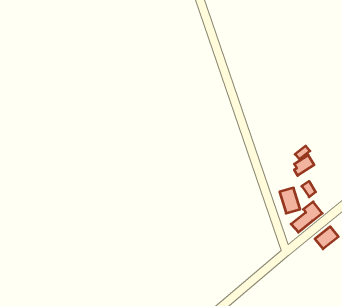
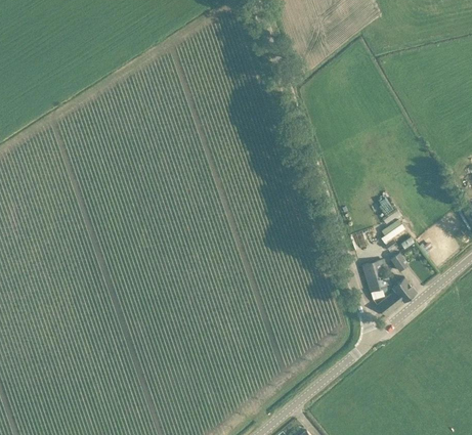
building: [315,227,338,249] -> none

